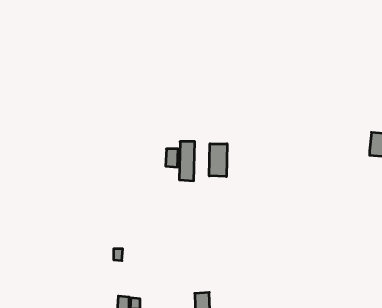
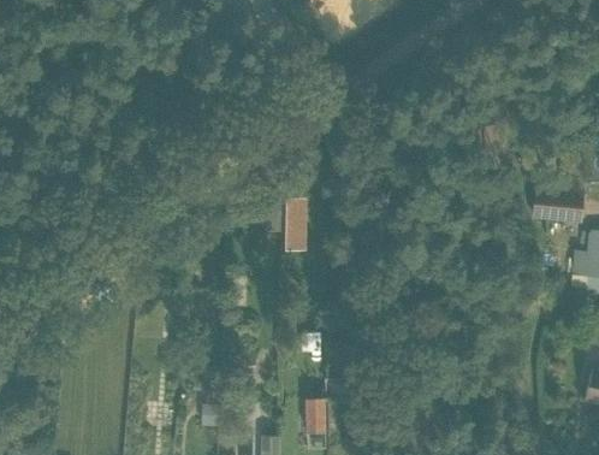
building: [209,144,227,177] -> none

